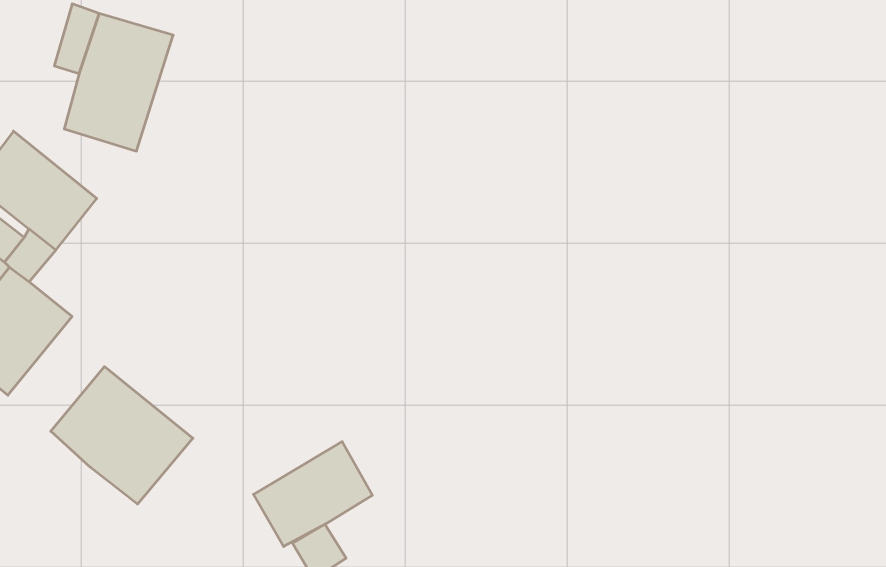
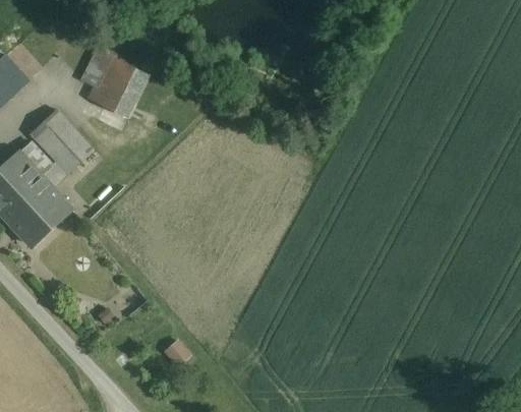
building: [51,367,193,504] -> none
building: [253,442,372,547] -> none

